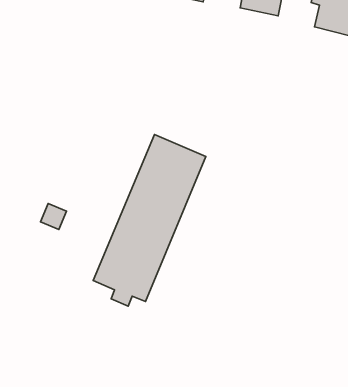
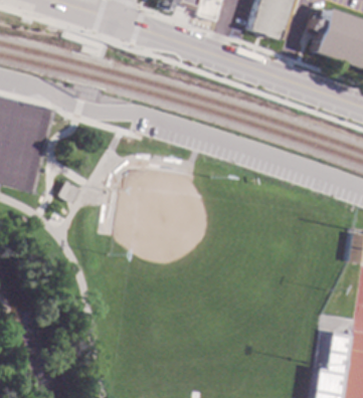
building: [93,135,206,306] -> none

